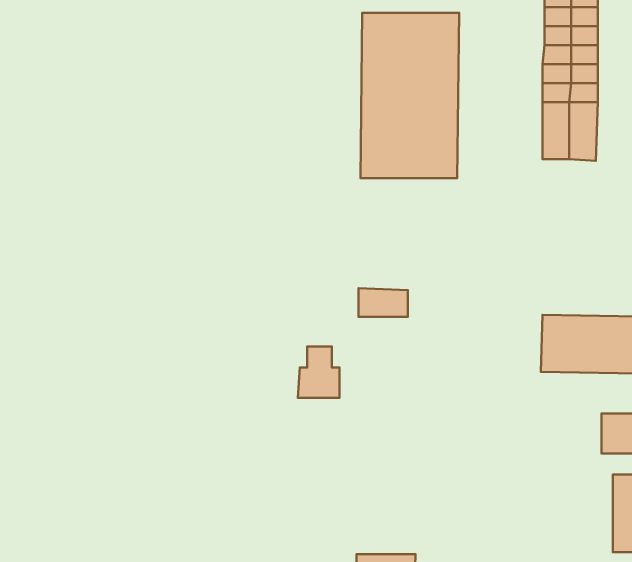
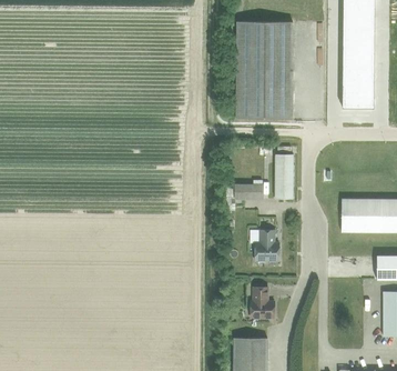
building: none -> [275,153,293,199]
building: [298,347,340,398] -> [254,230,278,260]
building: none -> [251,287,274,318]

